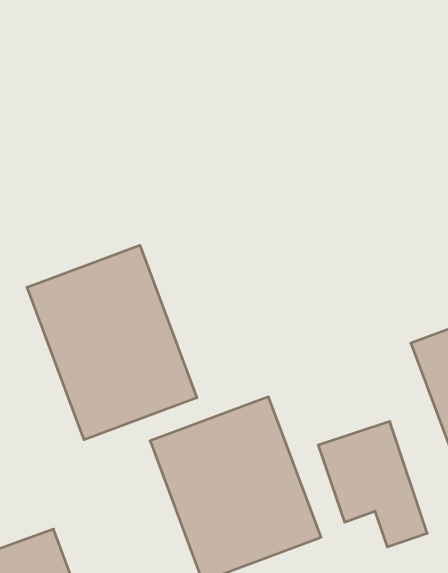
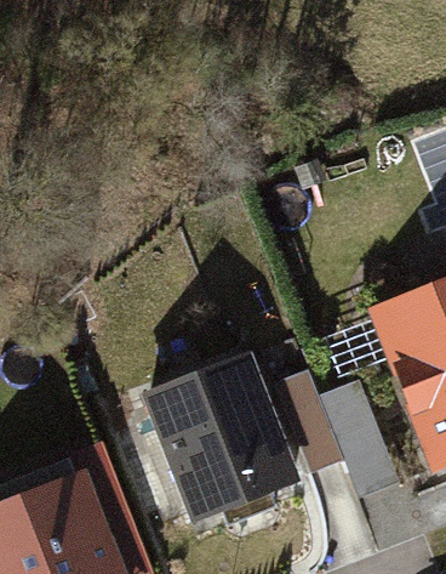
building: [27,245,197,440] -> none

